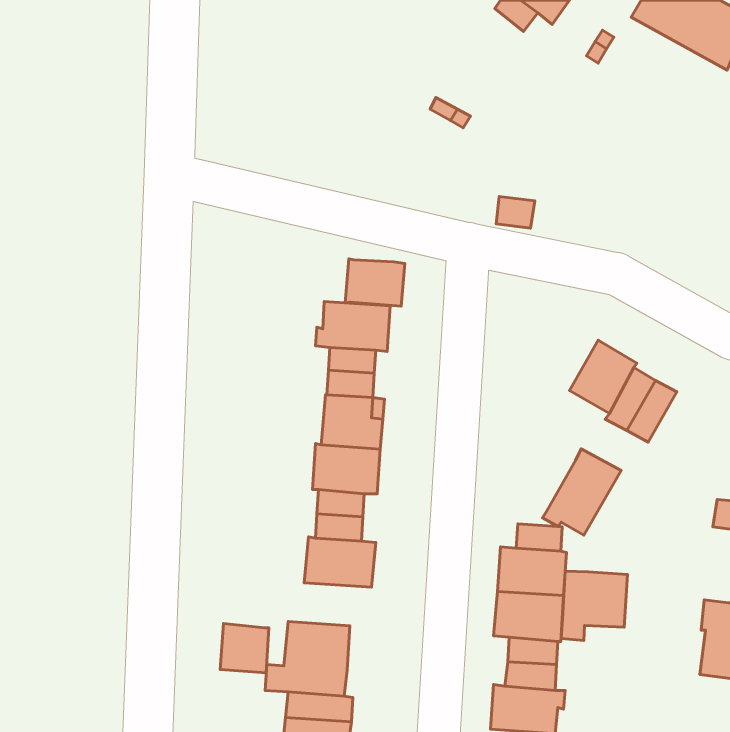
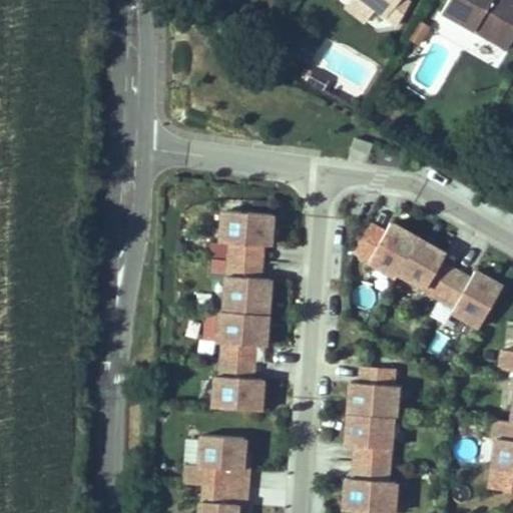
building: [345,259,405,306] -> none
building: none -> [356,222,420,278]
building: [542,449,621,535] -> [452,267,507,327]
building: [561,571,628,640] -> none
building: [220,623,269,673] -> none

